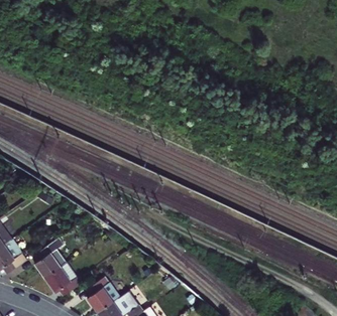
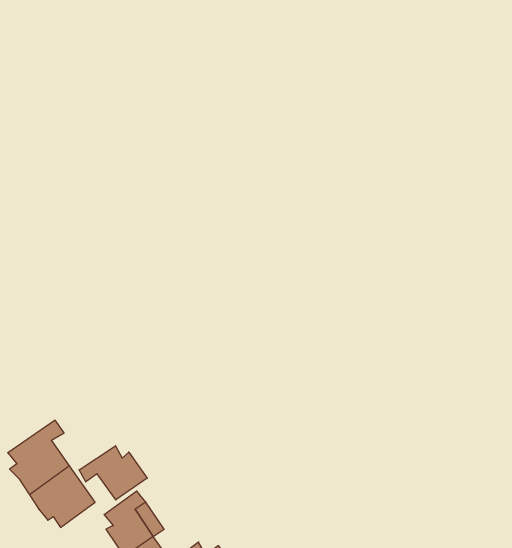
building: none -> [79,446,147,500]

